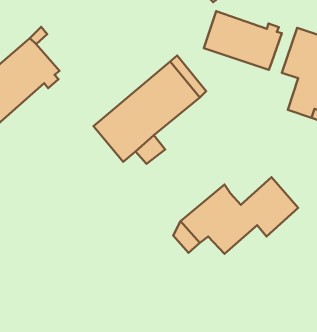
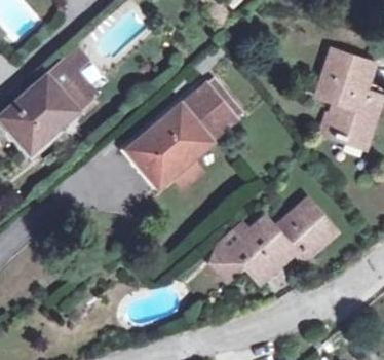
building: [204,11,282,70] -> none

